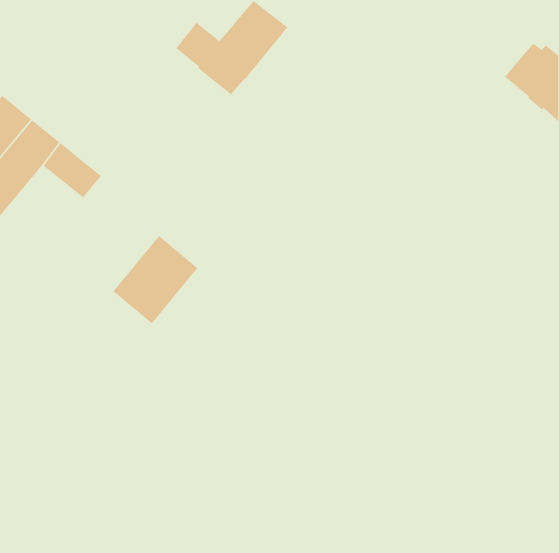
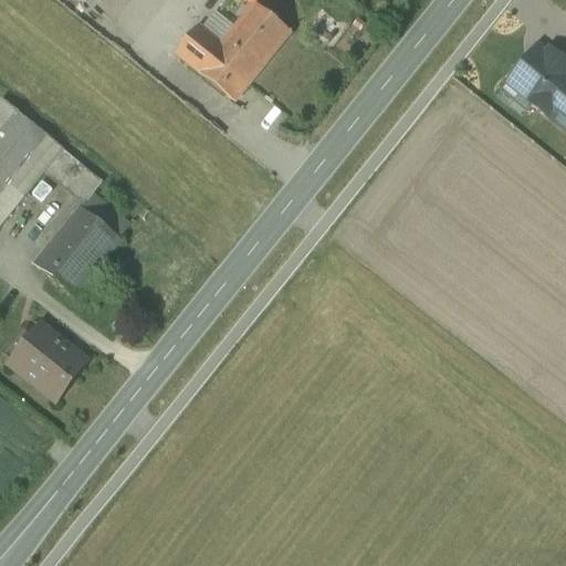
building: [113,235,198,324] -> [34,203,120,293]
building: none -> [10,322,87,397]

